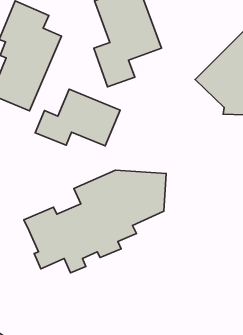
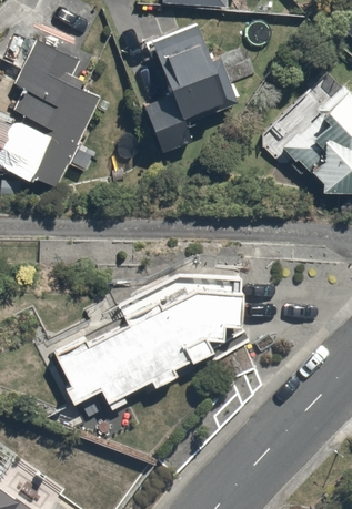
building: [35,89,120,146] -> none

